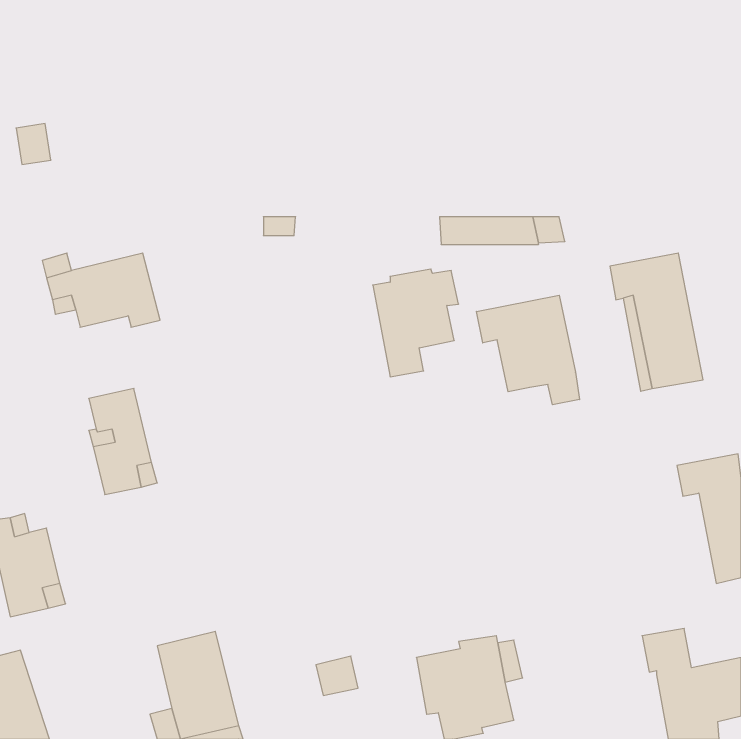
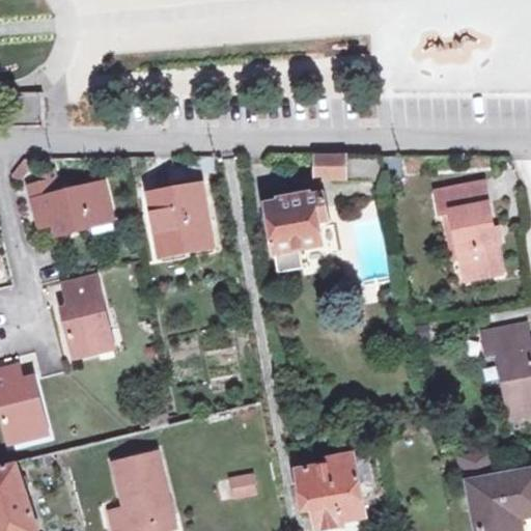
building: none -> [146,184,211,259]
building: [476,295,580,405] -> none

